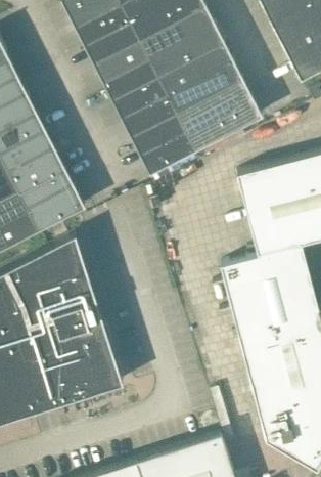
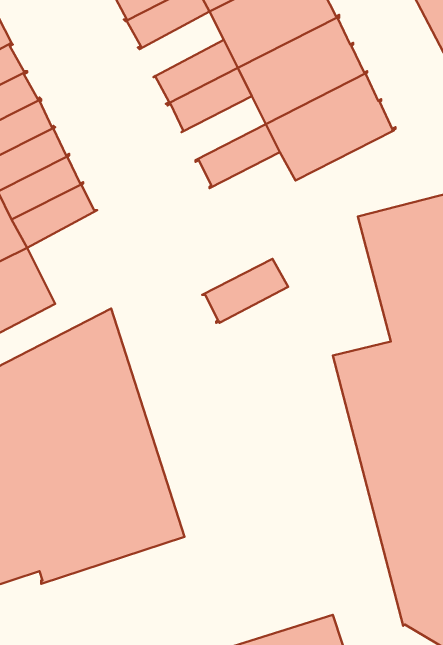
building: [93,40,148,83] -> none
building: [121,95,176,137] -> none
building: [139,132,195,174] -> [202,259,288,323]
building: [19,170,85,231] -> none

